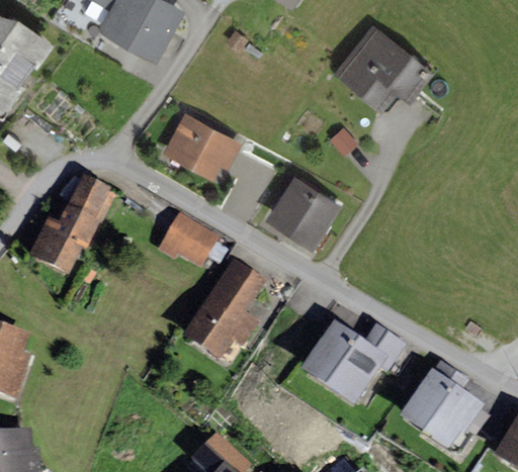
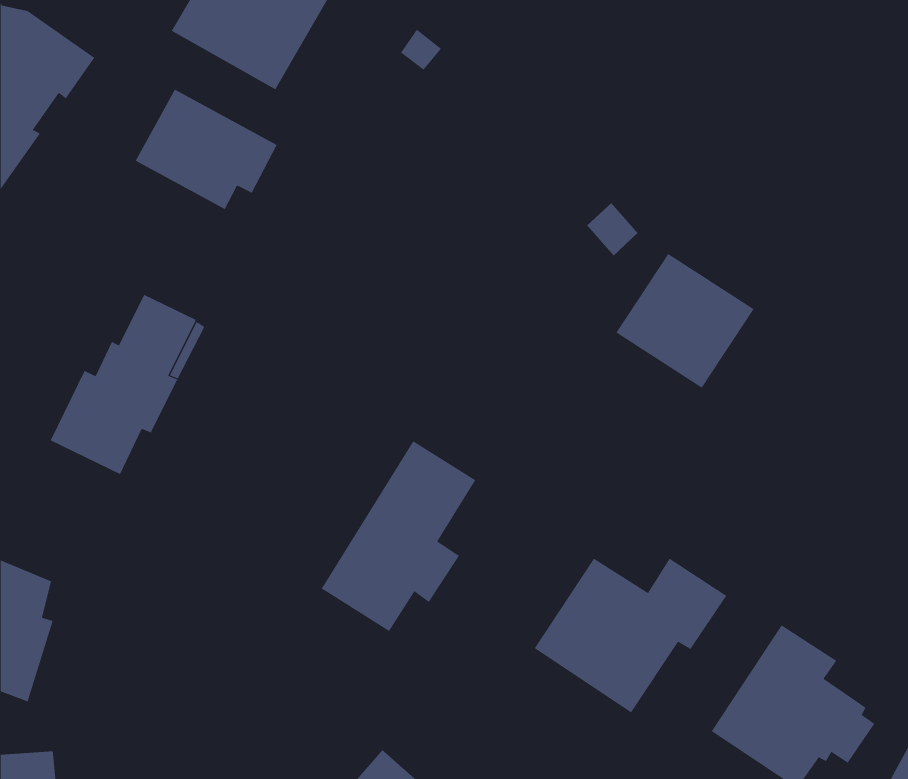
building: [332,22,434,111] -> none
building: [162,110,242,178] -> [135,89,277,210]
building: [265,174,343,250] -> [616,253,755,389]
building: [158,213,221,269] -> none

